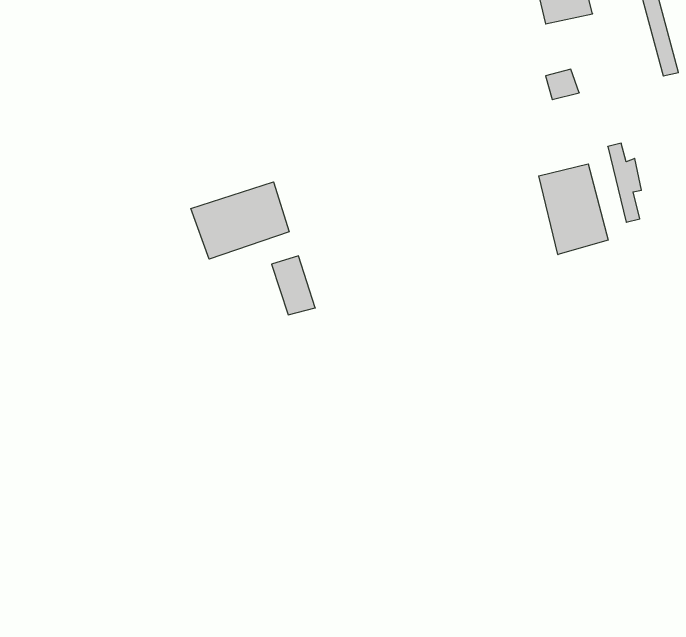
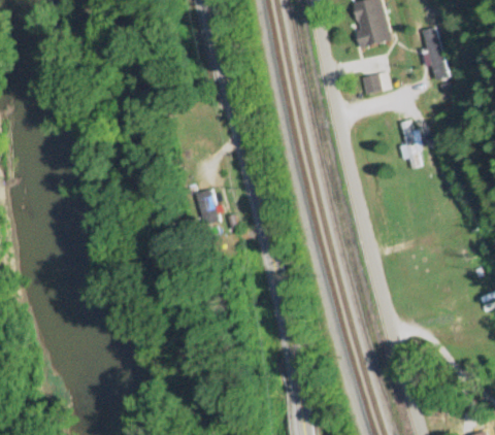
building: [539,164,608,255] -> none
building: [191,182,289,259] -> none

